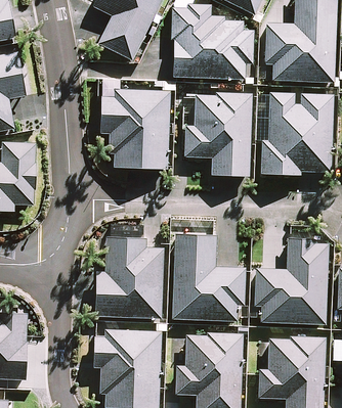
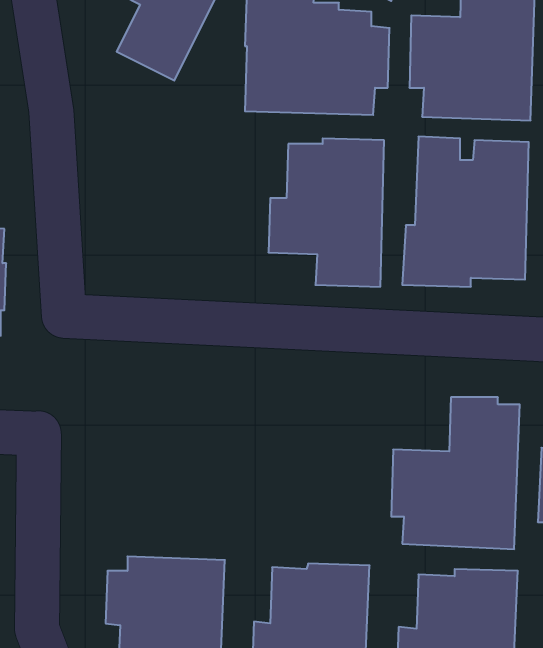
building: [100,90,170,171] -> none
building: [172,234,245,320] -> none
building: [95,237,164,318] -> none

